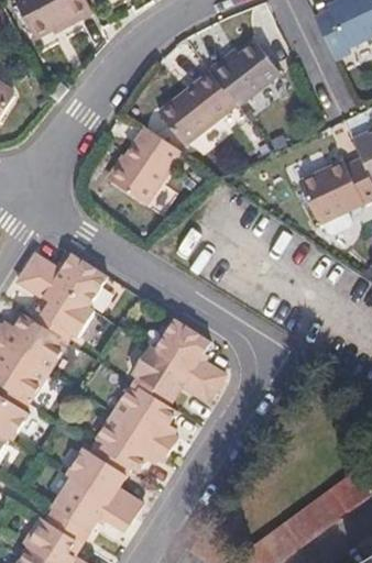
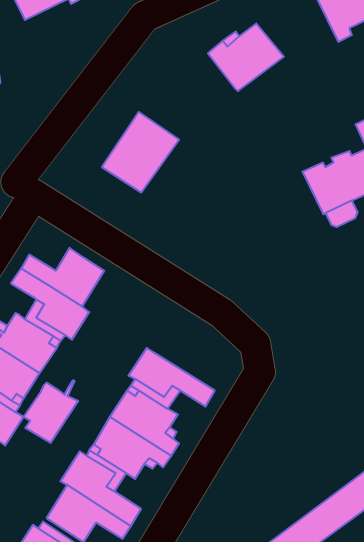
building: [157,68,234,141] -> none
building: [156,320,223,390] -> none
building: none -> [24,380,78,443]

